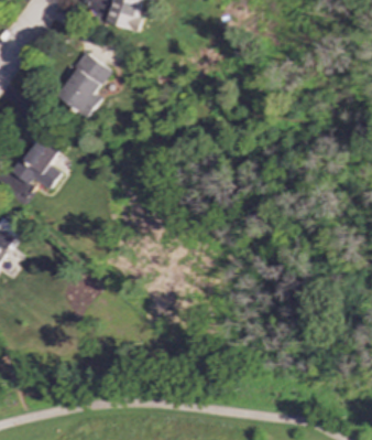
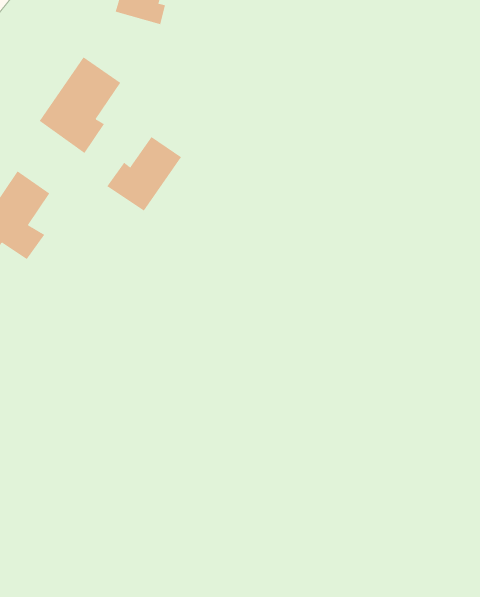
building: none -> [107,136,182,211]

